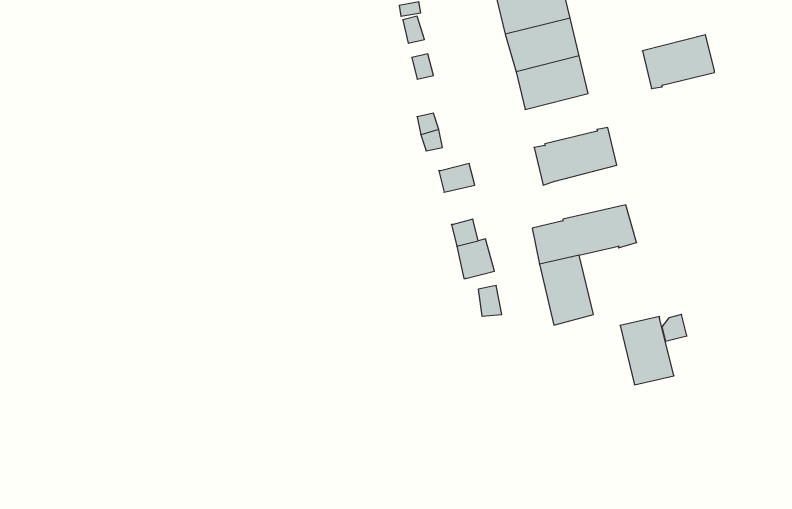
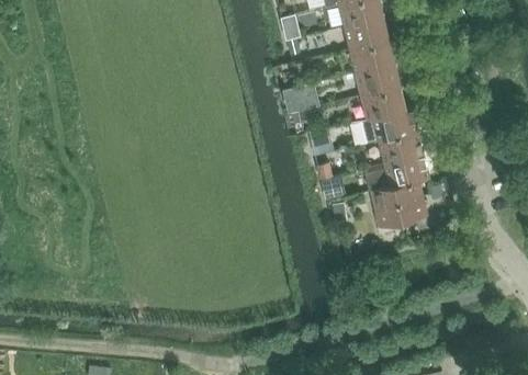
building: [642,35,714,89] -> [361,88,405,121]
building: none -> [379,132,423,164]
building: [620,317,674,385] -> [394,181,427,223]

